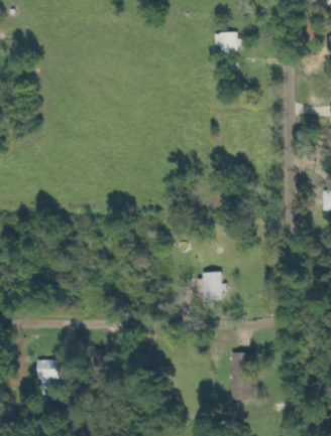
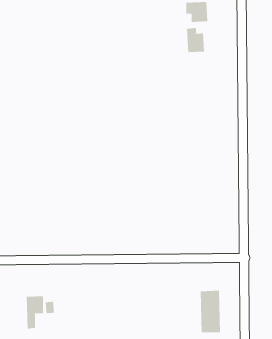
building: none -> [186,27,204,53]
building: [201,274,225,301] -> none

